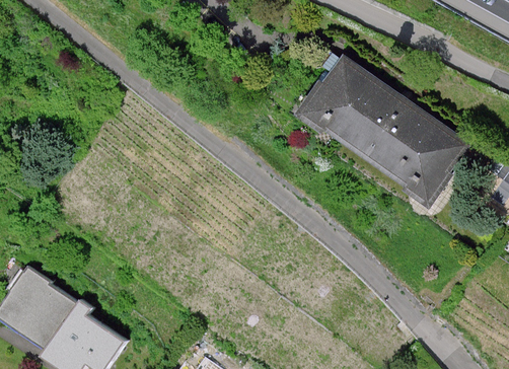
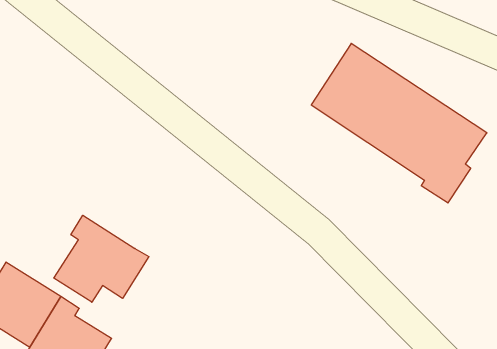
building: none -> [54,215,149,302]

